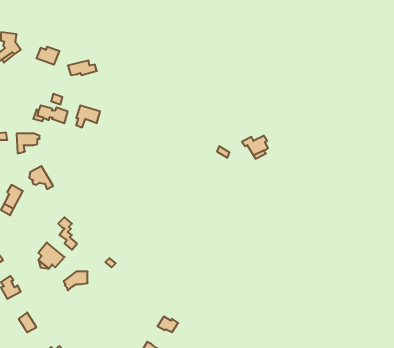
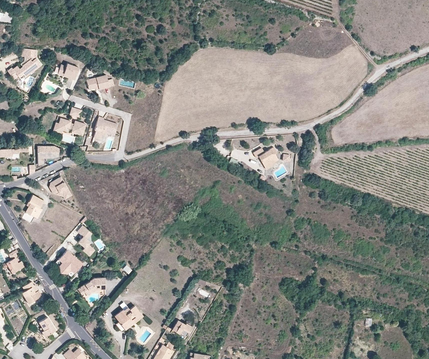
building: none -> [114,306,142,329]

